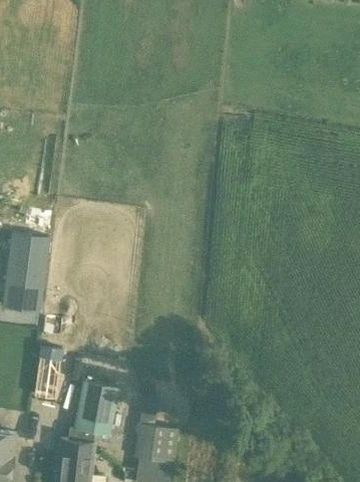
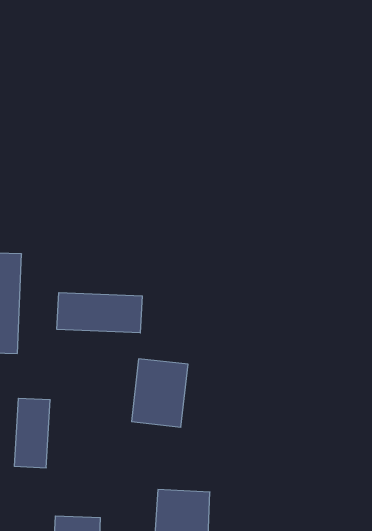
building: none -> [57,293,142,333]
building: [73,380,119,434] -> [132,359,188,427]

